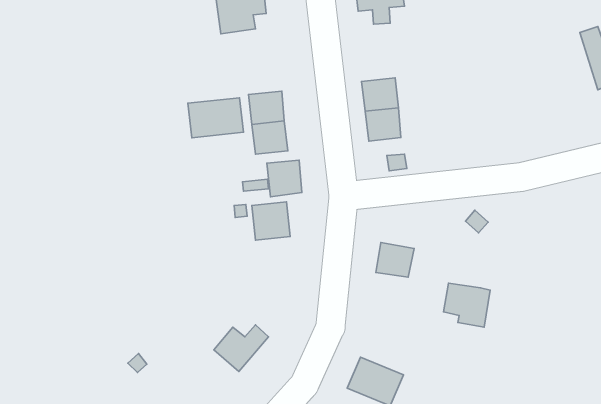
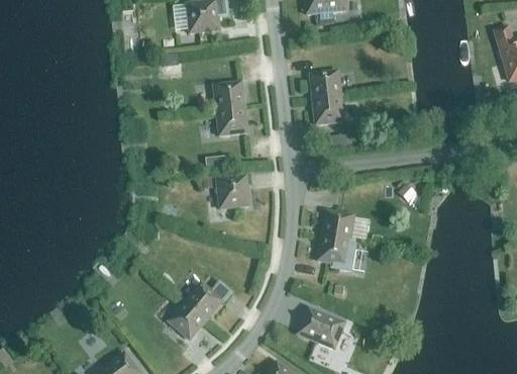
building: [188,98,243,138] -> none
building: [267,160,302,197] -> none
building: [444,283,490,327] -> [318,237,357,274]
building: none -> [169,302,206,340]

